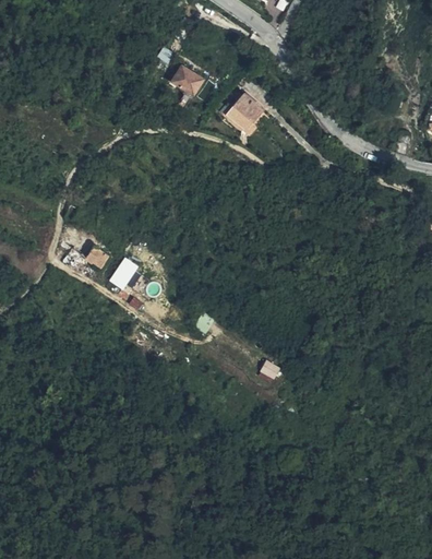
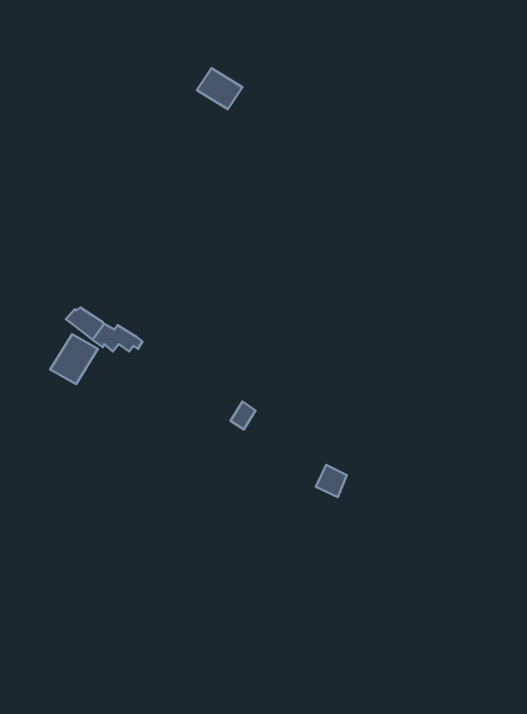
building: [226,97,265,133] -> none
building: none -> [50,334,98,384]

